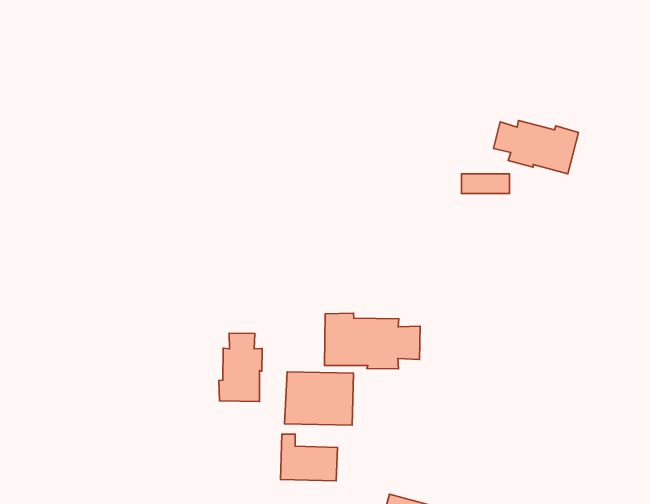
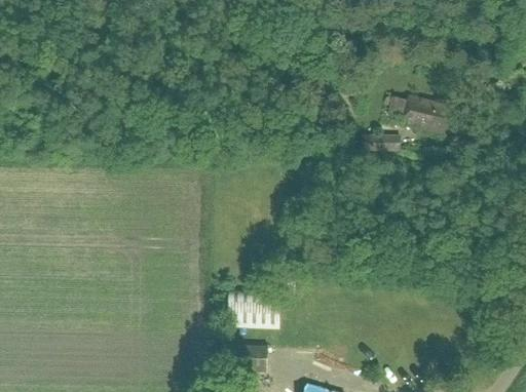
building: [324,313,420,369] -> none
building: [219,333,262,401] -> none

